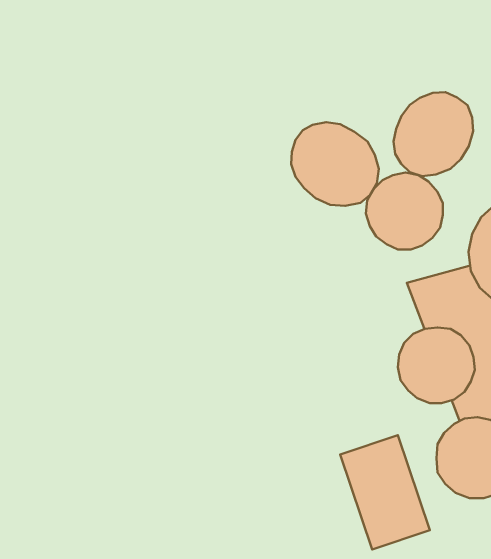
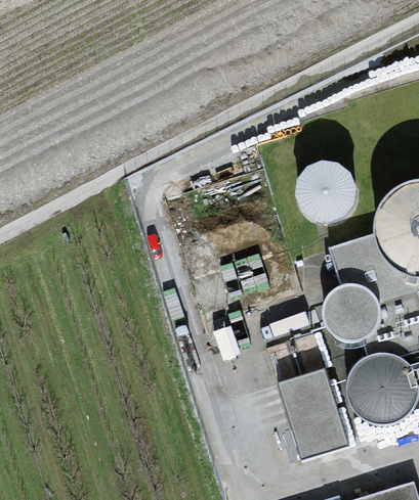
building: [393,92,473,176] -> none
building: [291,122,379,206] -> none

